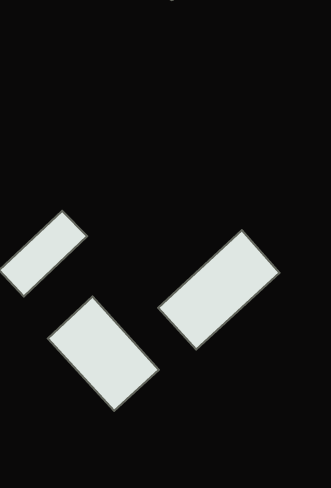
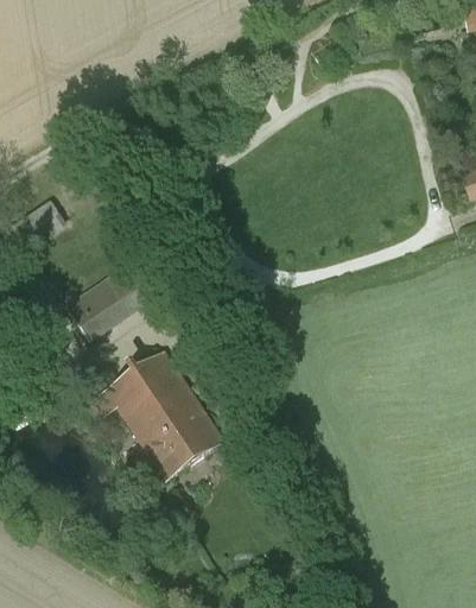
building: [158,230,280,349] -> none

